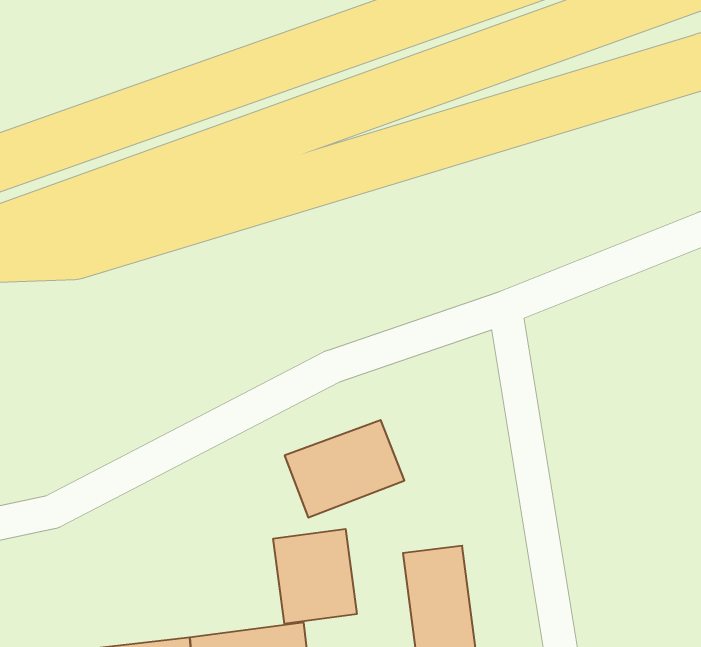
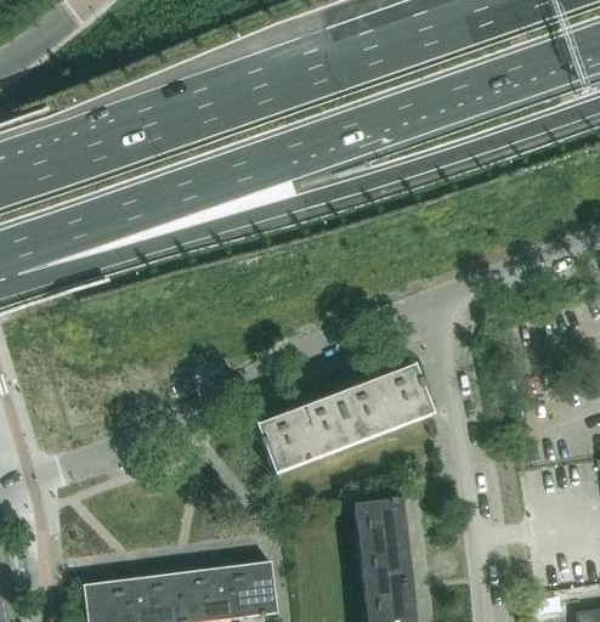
building: none -> [335,364,434,445]
building: [273,529,357,624] -> none

